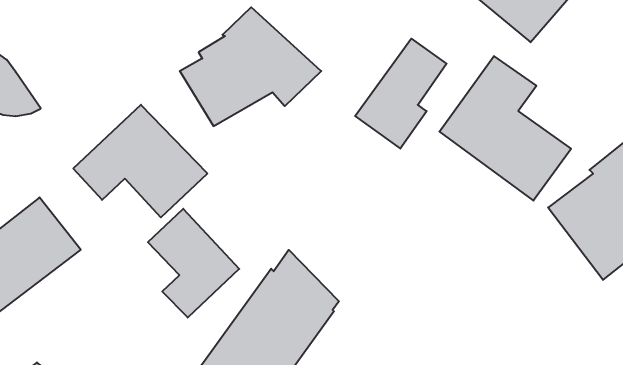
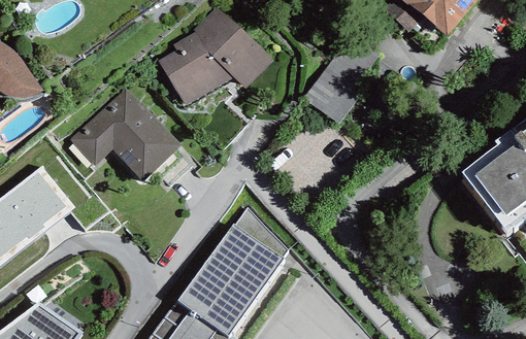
building: [439,56,571,201] -> none
building: [148,209,239,318] -> none

